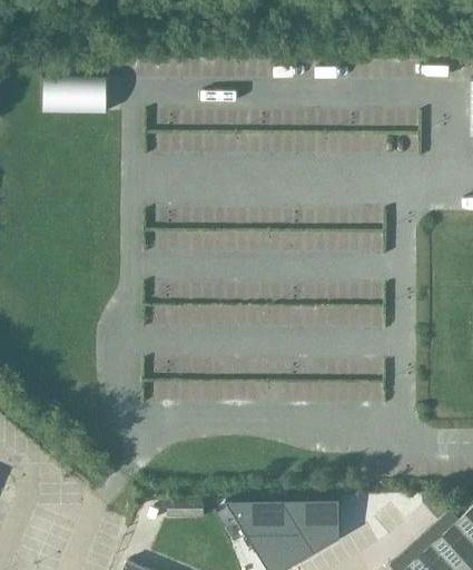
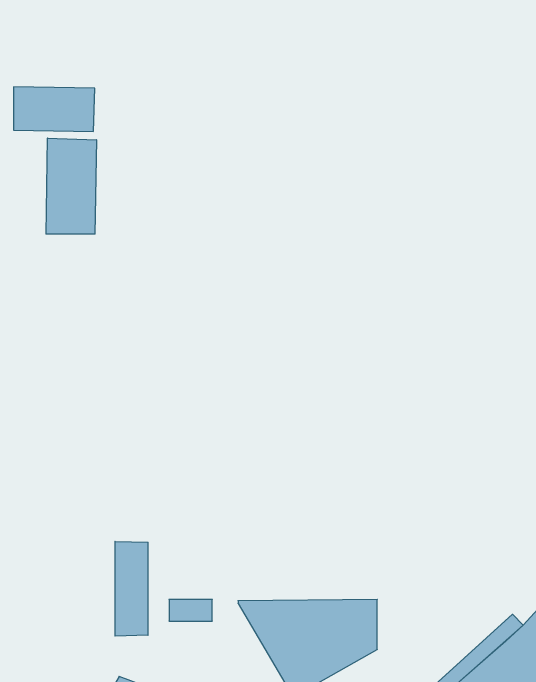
building: none -> [46,138,96,234]
building: none -> [115,541,148,636]

